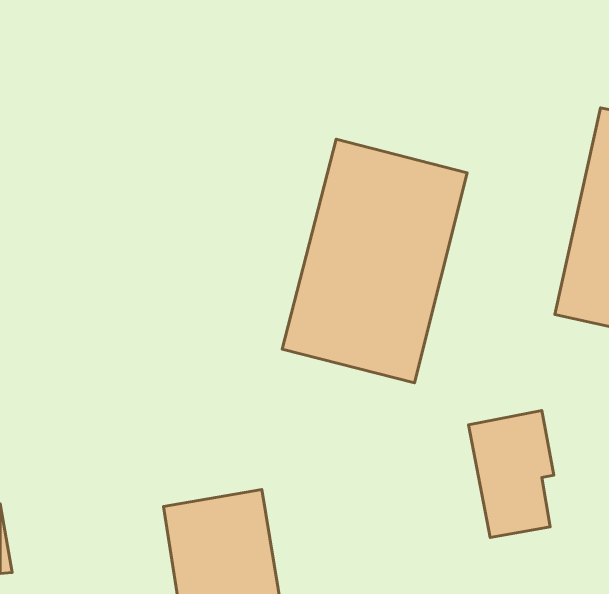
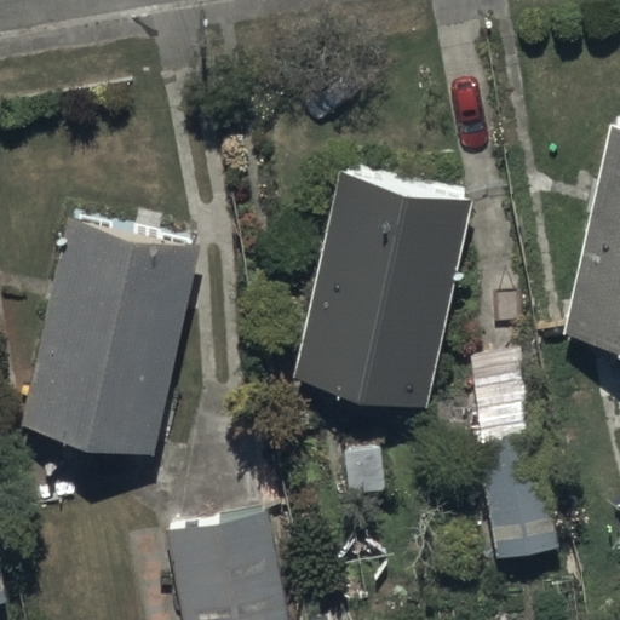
building: none -> [19,223,197,458]

